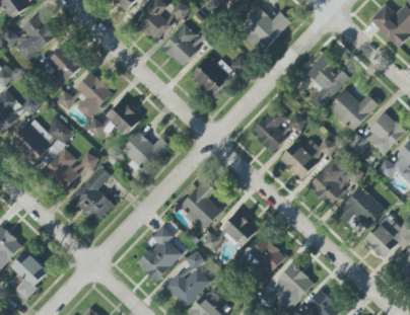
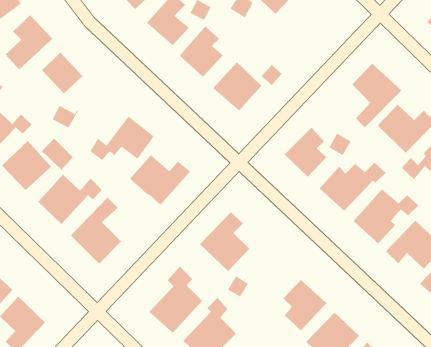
building: [243,7,291,48] -> none
building: [75,72,113,119] -> none
building: [219,212,257,248] -> none

